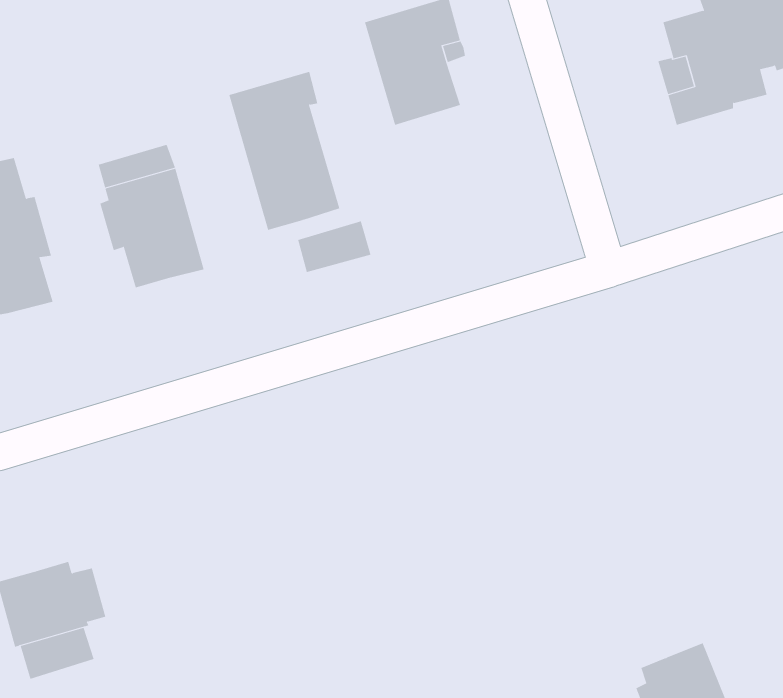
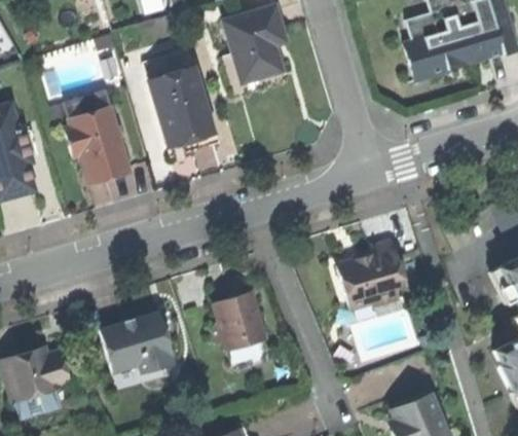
building: [297,220,371,273] -> none
building: none -> [336,241,402,308]
building: none -> [211,292,265,351]
building: none -> [102,312,173,372]

